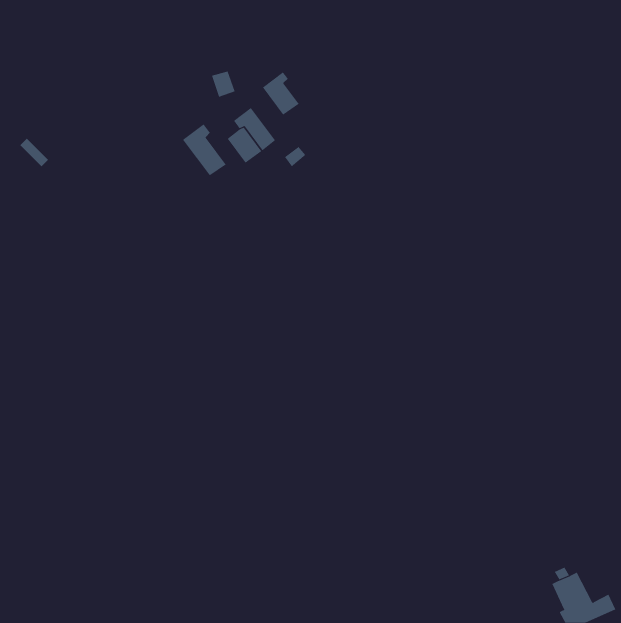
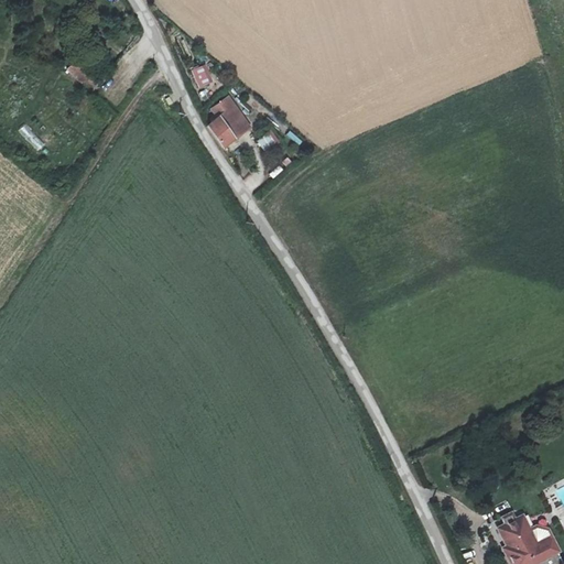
building: [262,72,299,115] -> none
building: [182,123,227,176] -> none

